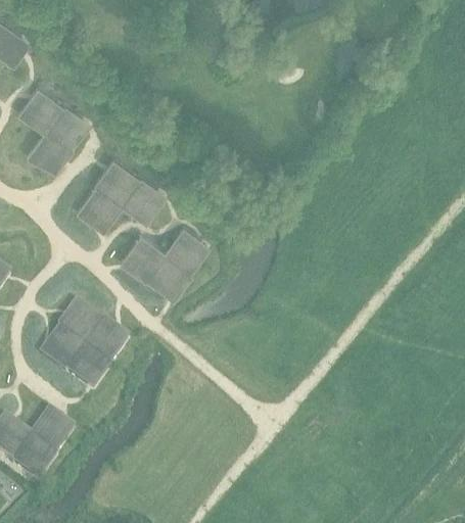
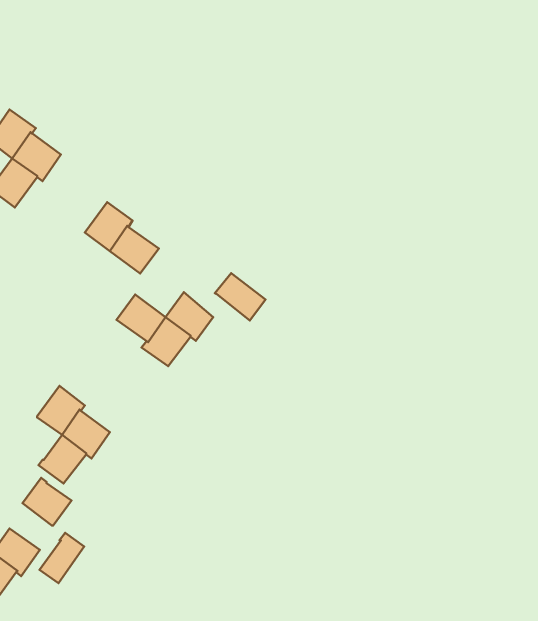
building: [84,186,122,223] -> none
building: none -> [215,273,266,321]
building: [47,328,85,365] -> [23,478,72,526]
building: none -> [39,533,84,583]

